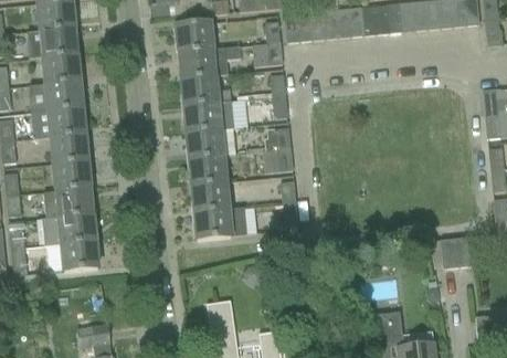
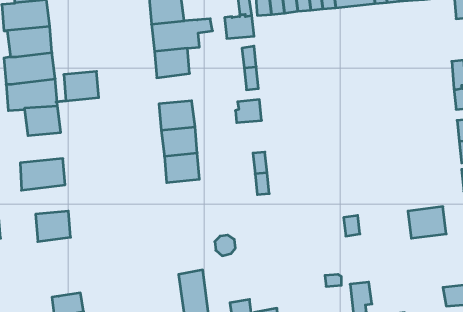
building: [184,99,235,131] -> none
building: [263,148,293,171] -> none
building: [46,160,89,191] -> [56,71,99,102]
building: [194,207,247,239] -> none
building: [43,213,95,244] -> none

